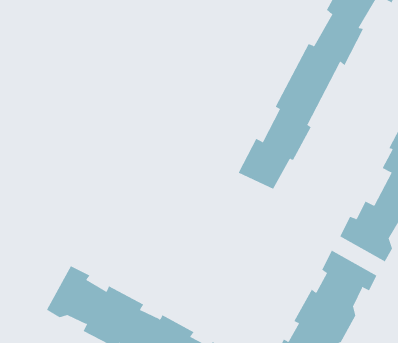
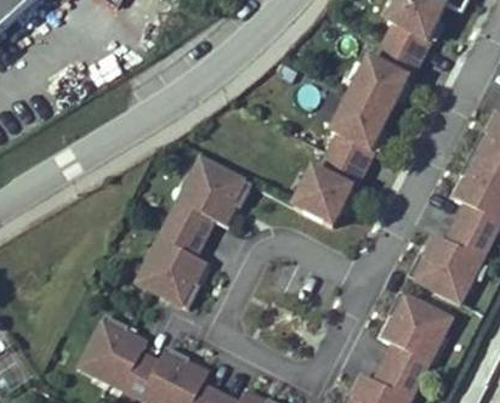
building: none -> [138,166,251,311]

